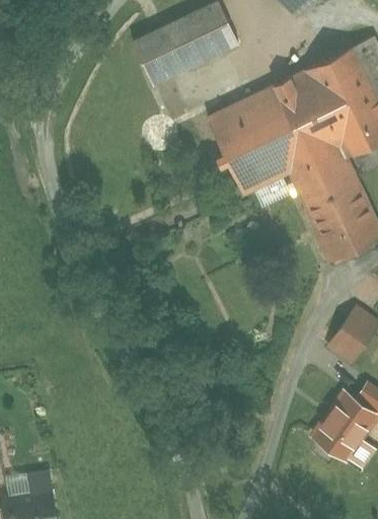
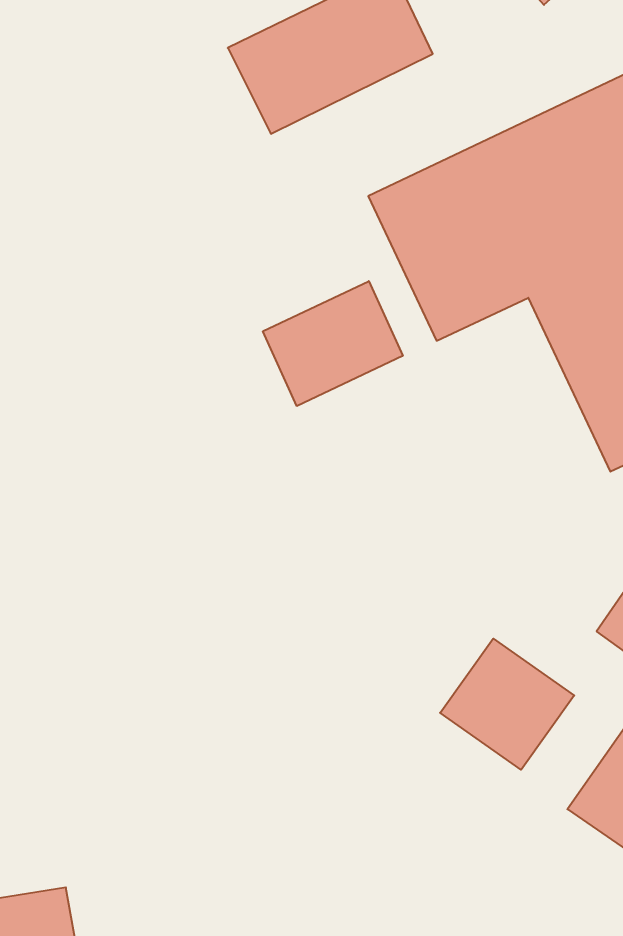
building: none -> [263,281,403,406]
building: none -> [440,639,574,770]

